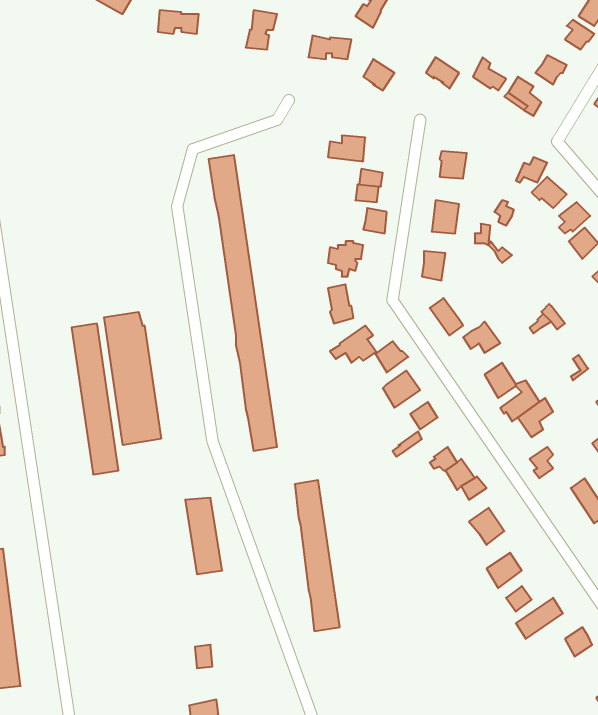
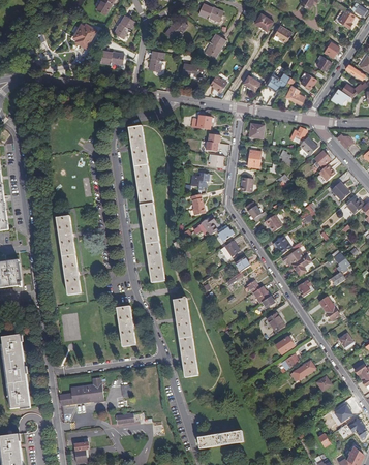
building: [104,312,161,445] -> none
building: none -> [59,377,103,405]

